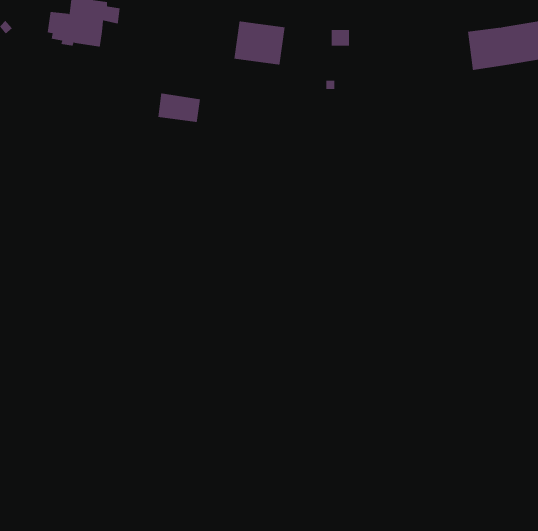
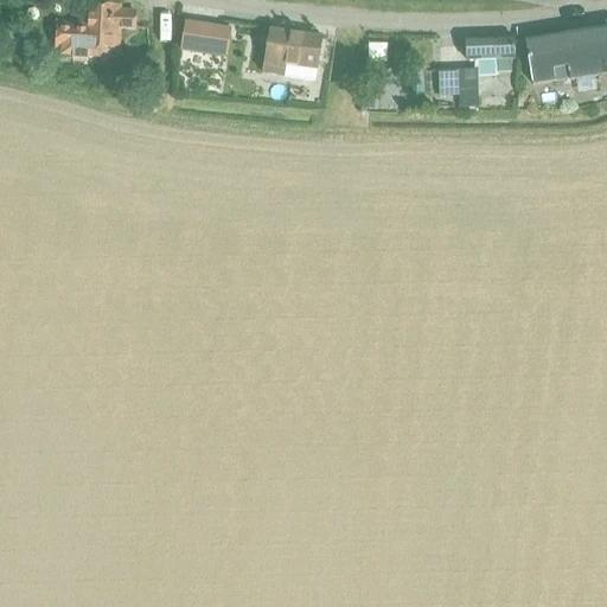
building: none -> [439,37,511,104]
building: [157,93,201,122] -> [181,19,230,52]

